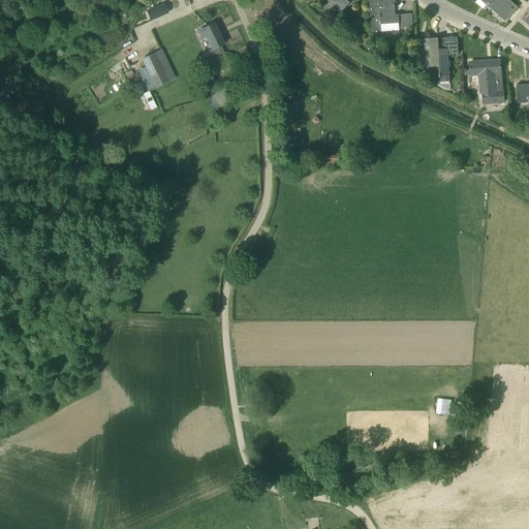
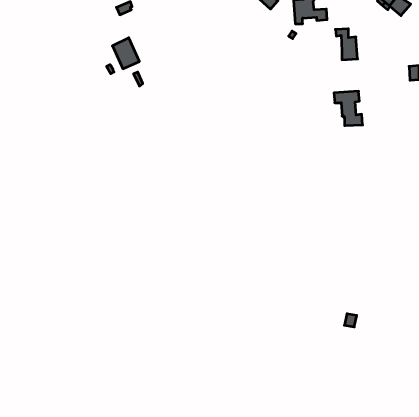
building: [198,22,223,57] -> none
building: [469,59,505,102] -> [334,91,363,126]

